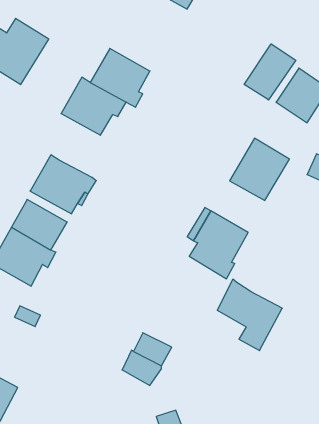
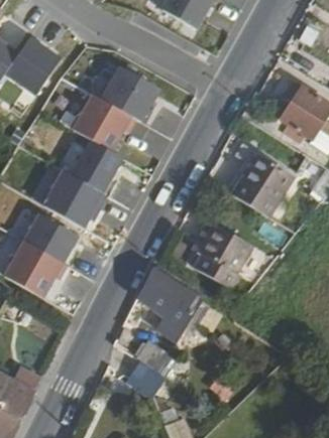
building: [244,44,296,100] -> none
building: none -> [69,140,121,192]
building: [217,279,282,351] -> [136,270,200,339]

